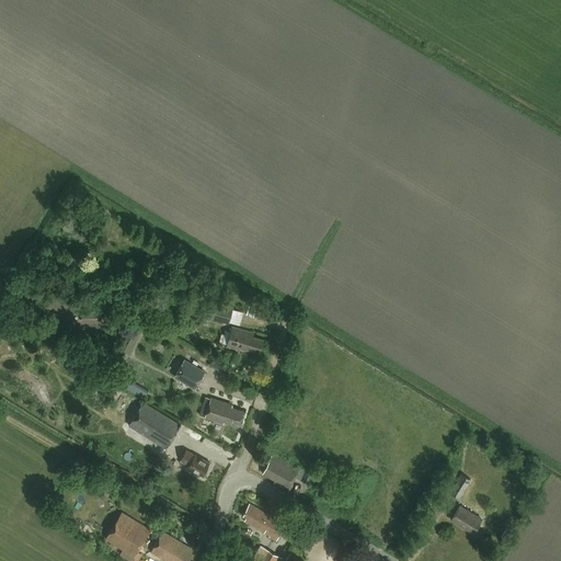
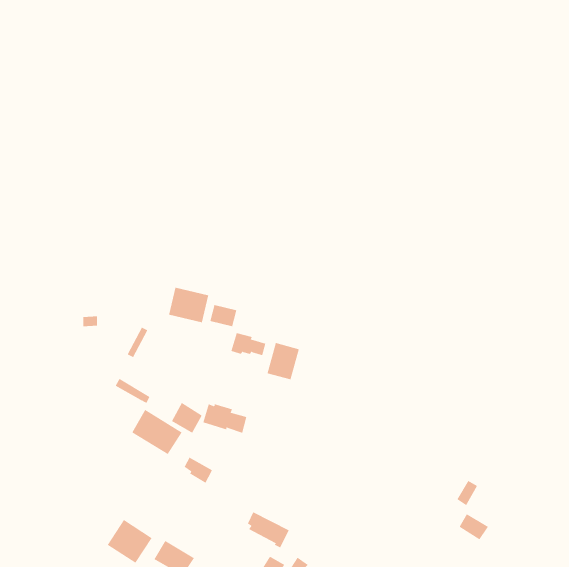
building: none -> [169,287,209,323]
building: none -> [267,342,300,380]
building: [174,359,205,390] -> [171,402,203,433]
building: [263,456,324,493] -> none

